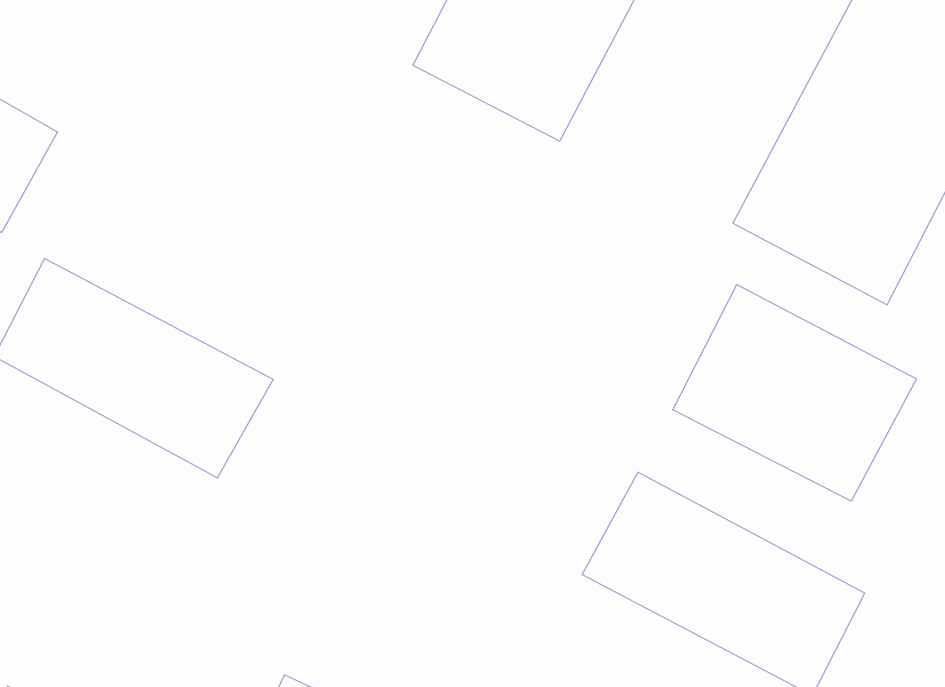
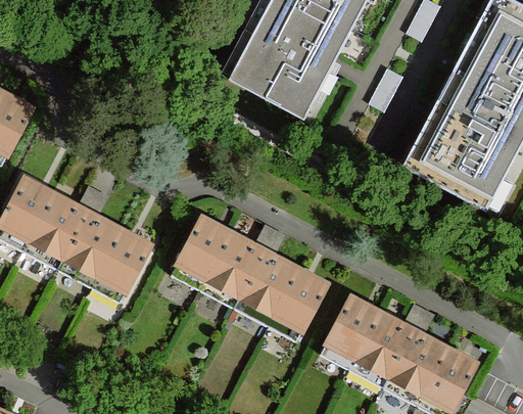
building: [673,285,916,501] -> none
building: none -> [173,216,328,337]

